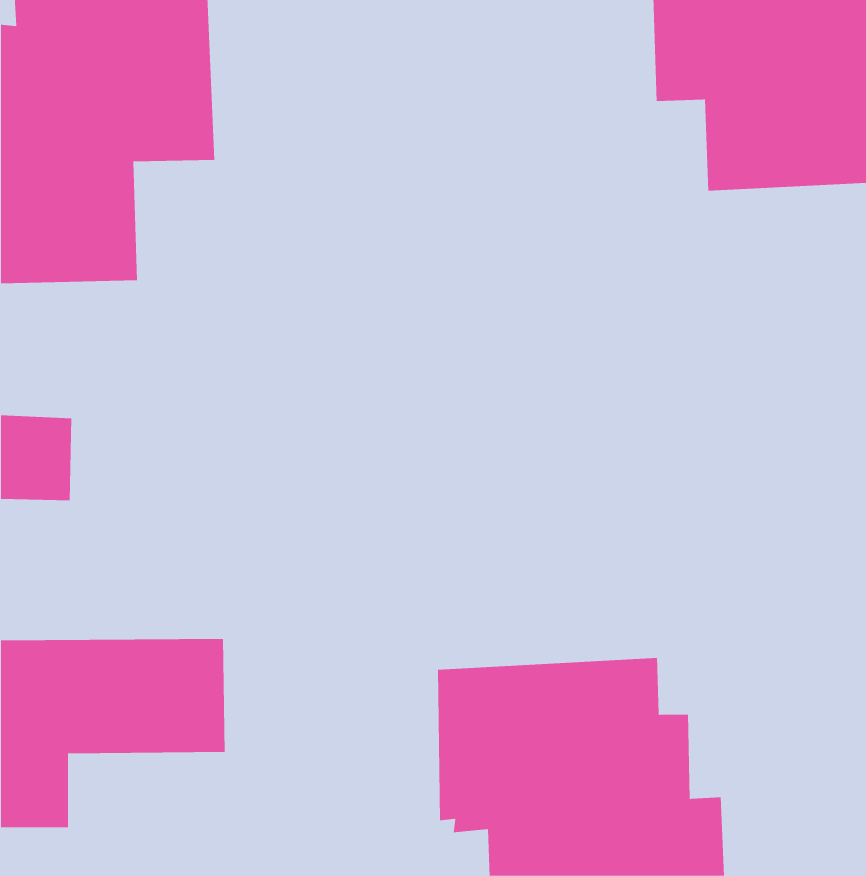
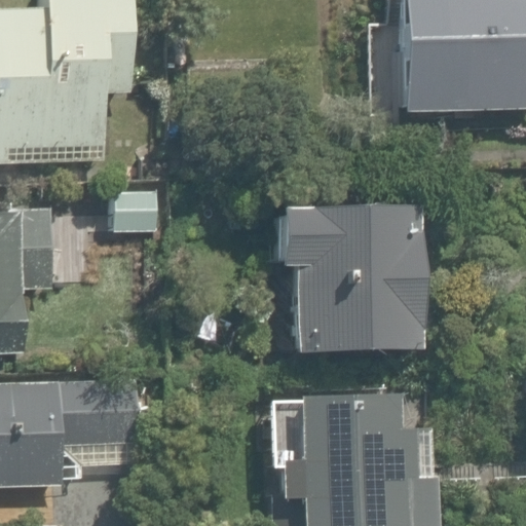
building: none -> [271,202,422,351]

